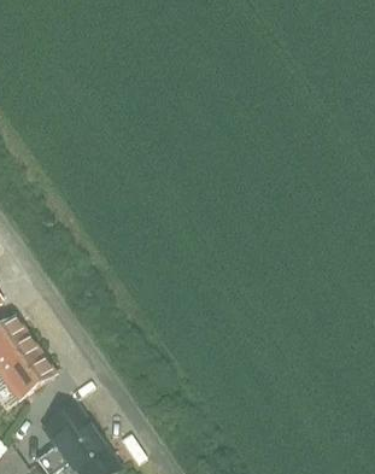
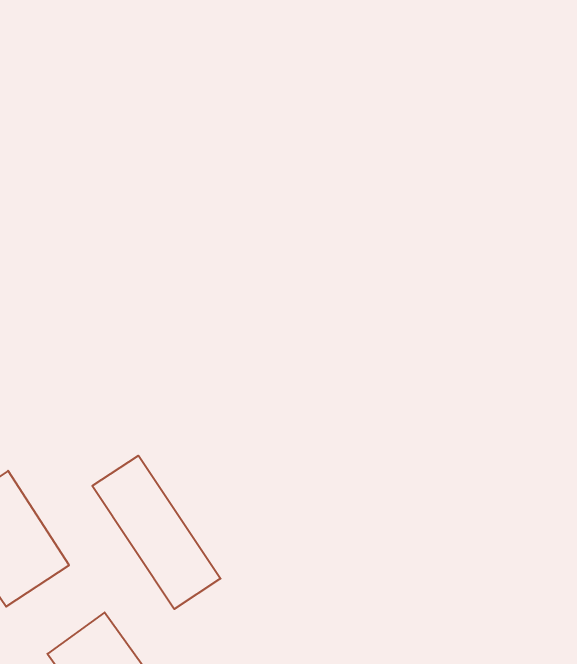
building: none -> [92,456,221,609]

